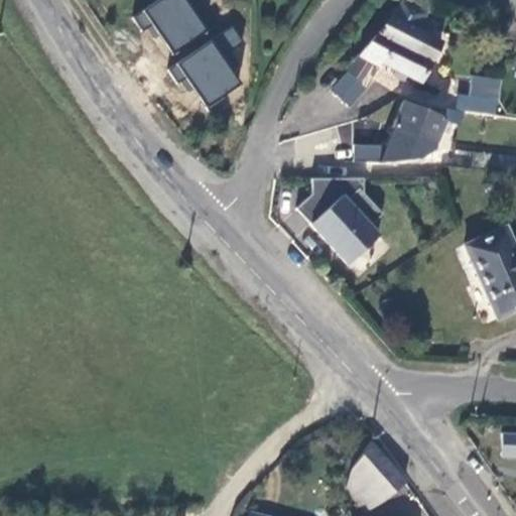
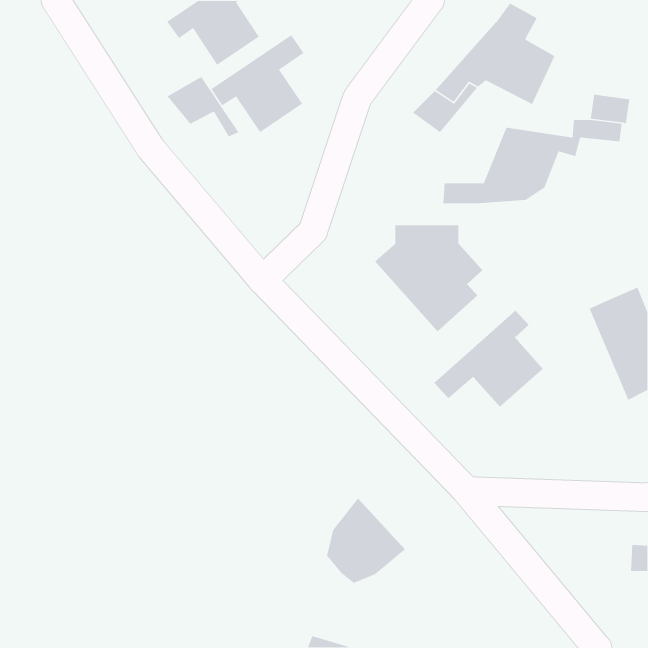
building: none -> [167,76,239,137]
building: none -> [434,310,544,407]
building: [345,442,408,511] -> [326,498,406,584]

